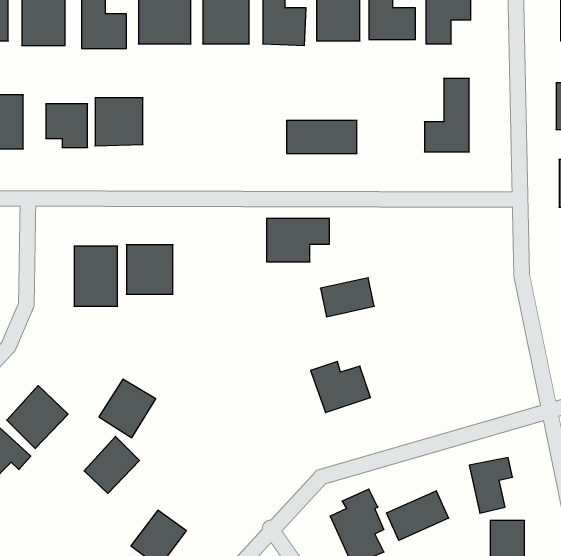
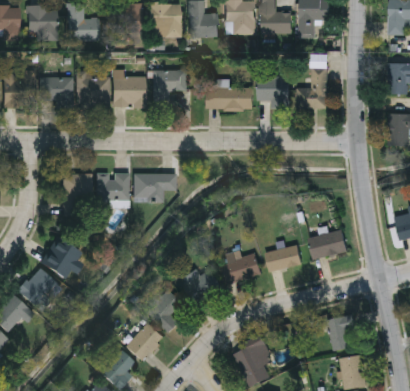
building: none -> [113,70,145,108]
building: none -> [153,71,186,108]
building: none -> [257,77,288,109]
building: [267,219,329,262] -> [134,172,176,201]
building: [320,278,374,317] -> [265,245,301,271]
building: none -> [309,231,347,258]
building: [99,379,156,438] -> [40,236,78,275]
building: none -> [181,268,221,303]
building: none -> [146,290,181,333]
building: [84,436,139,493] -> [126,321,163,359]
building: [387,491,449,540] -> none

